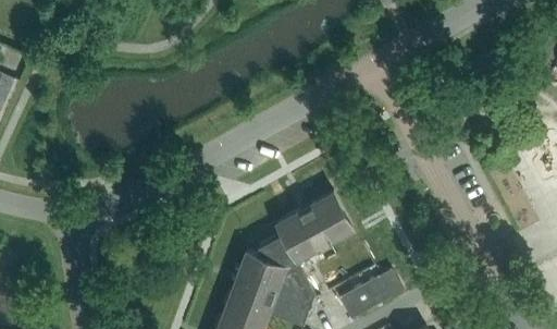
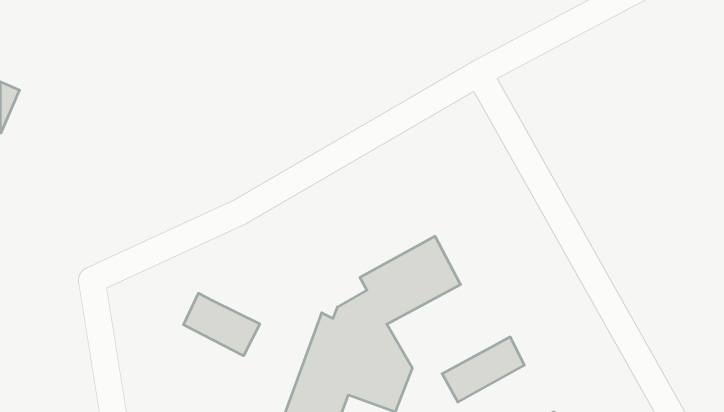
building: none -> [184,293,260,356]

